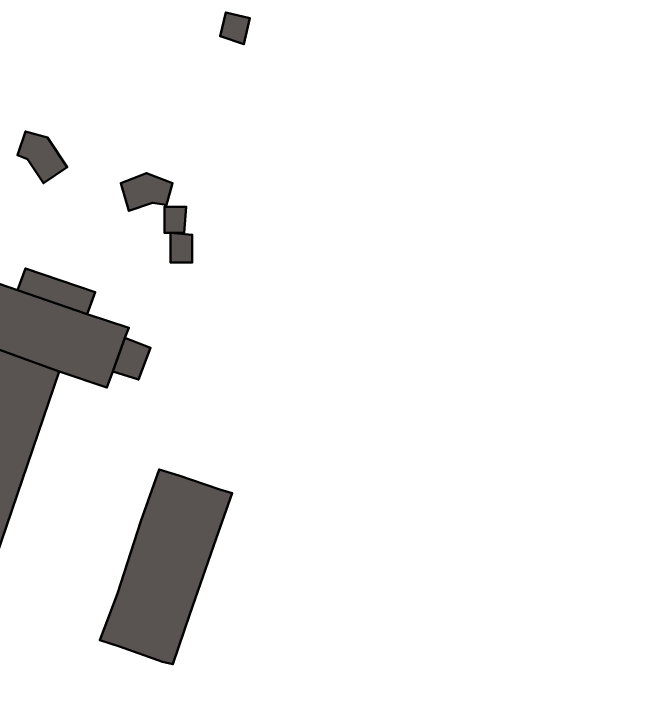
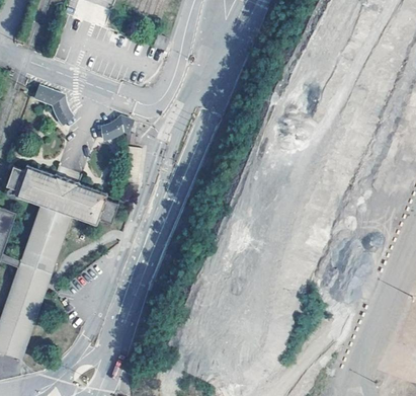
building: [100,469,232,664] -> none

